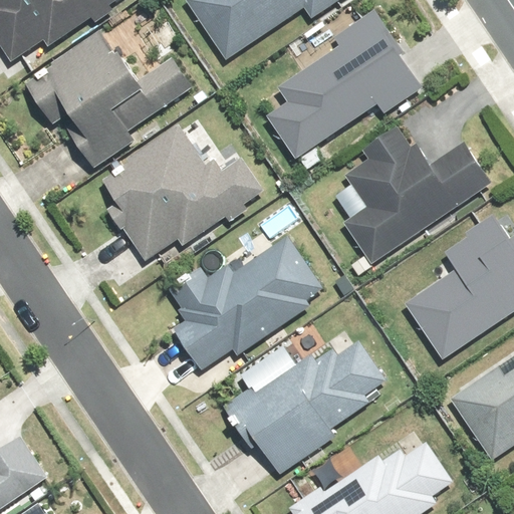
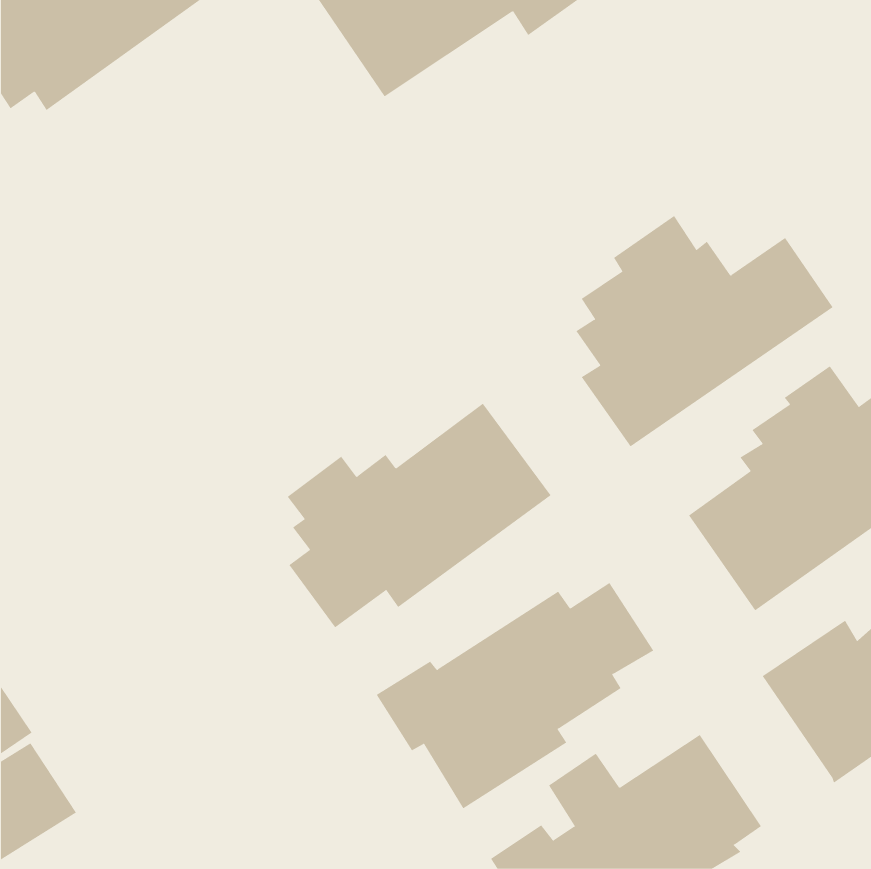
building: [262,12,425,175] -> none
building: [22,32,191,172] -> none
building: [95,125,264,261] -> none

